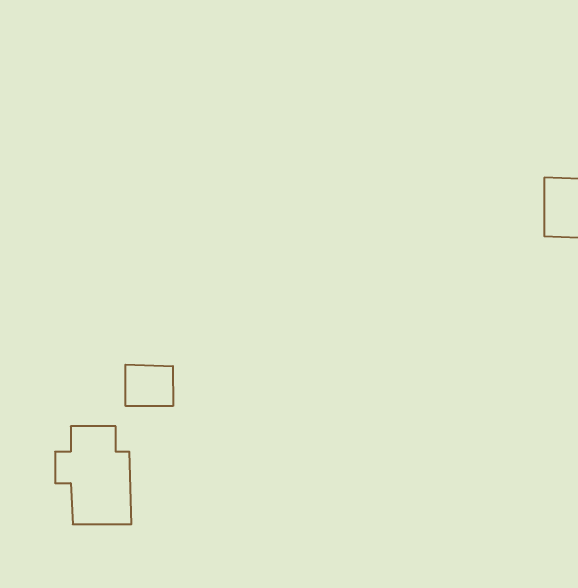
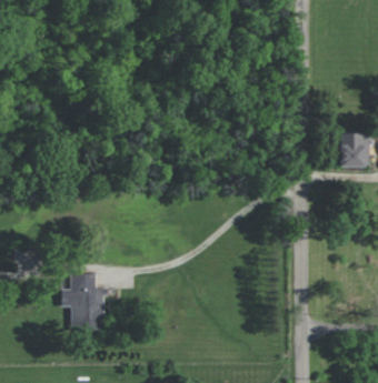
building: [125,365,173,406] -> none

